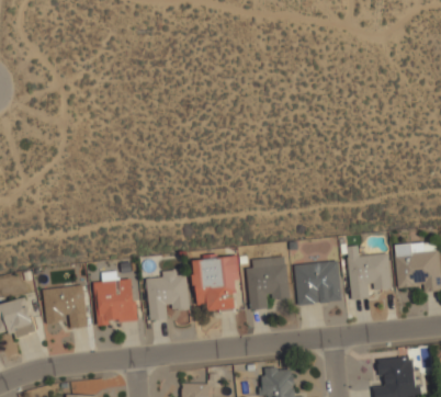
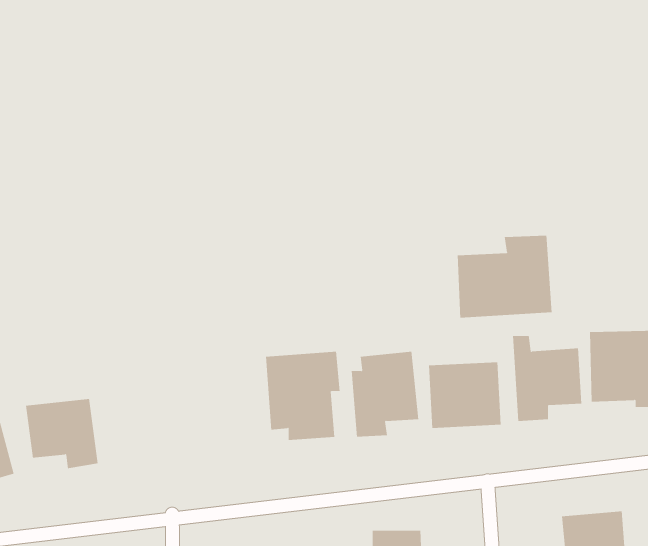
building: none -> [457,235,552,318]
building: [147,270,190,320] -> none
building: [95,279,135,326] -> none

